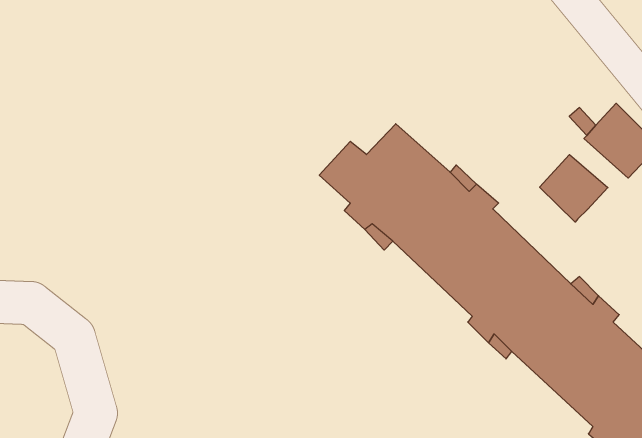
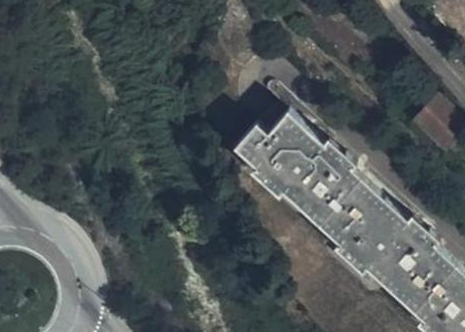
building: [540,155,608,222] -> none

